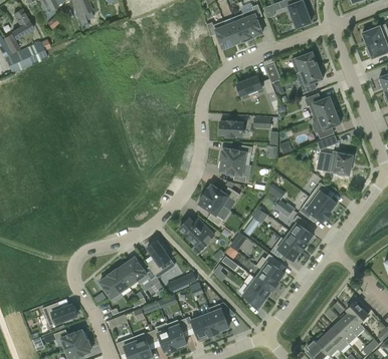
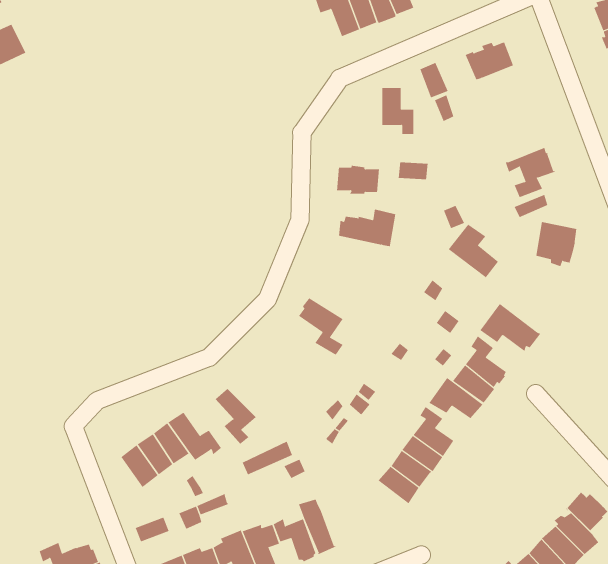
building: [300,65,324,93] -> none
building: [305,94,335,118] -> none
building: [218,159,247,183] -> none
building: [310,183,338,213] -> [448,224,499,278]
building: [204,184,239,206] -> none
building: [179,219,214,245] -> none
building: [42,302,77,326] -> none
building: [209,302,235,331] -> none

